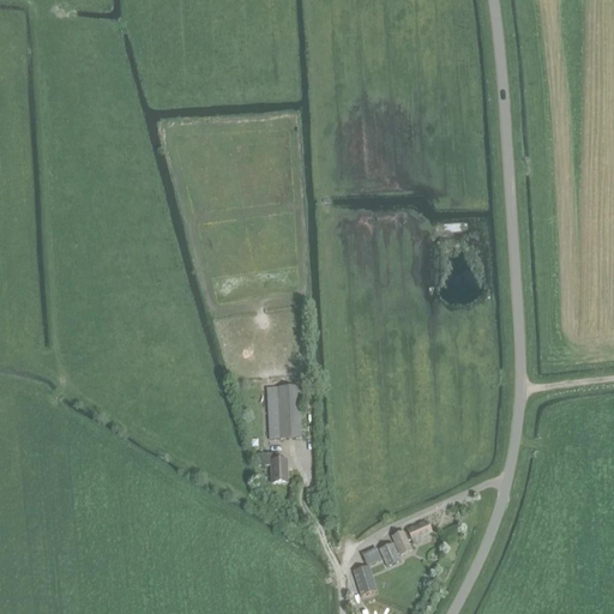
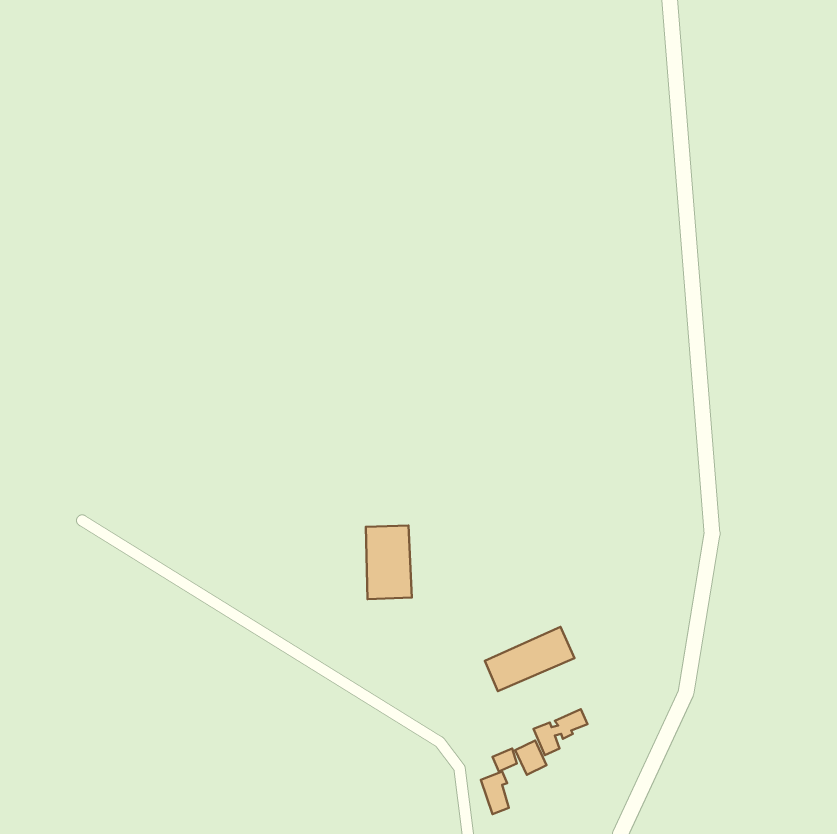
building: [255,452,285,482] -> none
building: none -> [485,627,574,691]

